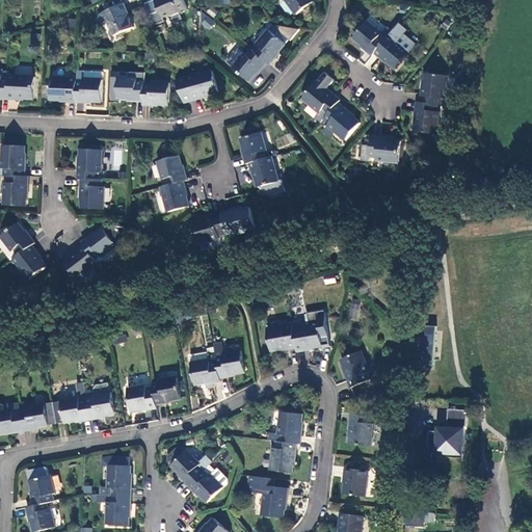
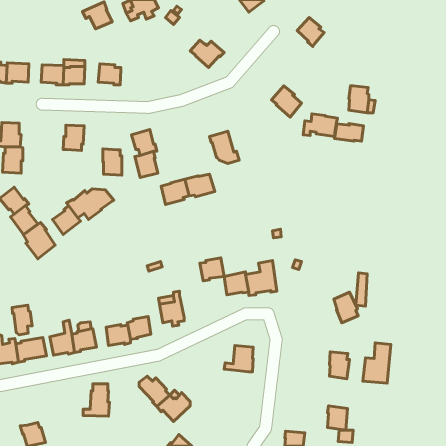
building: [373,22,416,68] -> none
building: [252,25,299,64] -> none
building: [176,70,217,103] -> none
building: [301,71,339,124] -> none
building: [419,73,446,104] -> none
building: [142,81,168,104] -> none
building: [238,132,265,163] -> none
building: none -> [334,124,363,141]
building: [79,178,102,209] -> [103,149,122,175]
building: none -> [23,222,55,259]
building: [214,350,243,377] -> [200,258,224,281]
building: [340,350,369,387] -> [334,292,358,323]
building: none -> [12,305,32,335]
building: [348,414,372,446] -> [329,352,350,379]
building: [269,440,295,472] -> none
building: [343,467,367,496] -> [328,406,348,430]
building: [27,474,53,505] -> none
building: [246,474,286,516] -> none
building: [96,494,129,525] -> none

